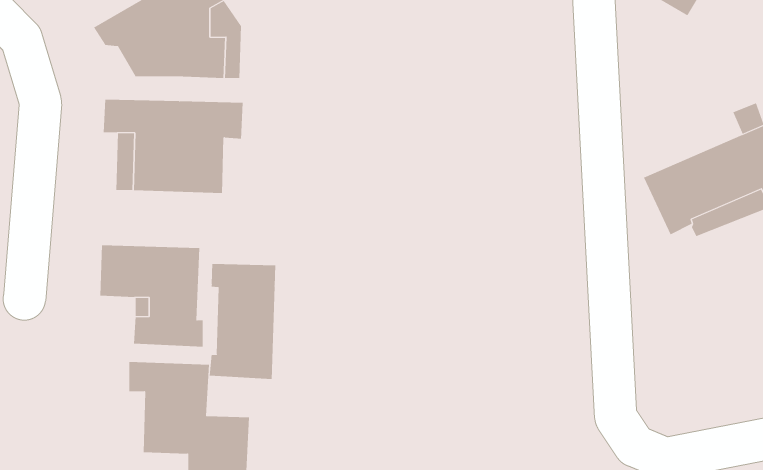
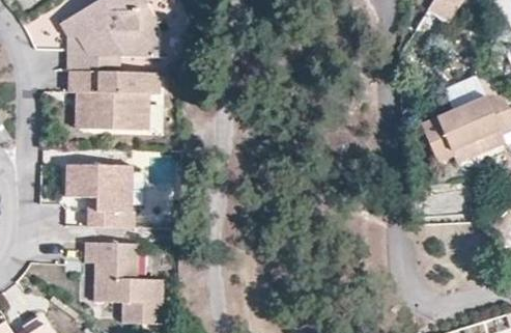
building: none -> [67,34,120,71]
building: [209,263,276,380] -> none

